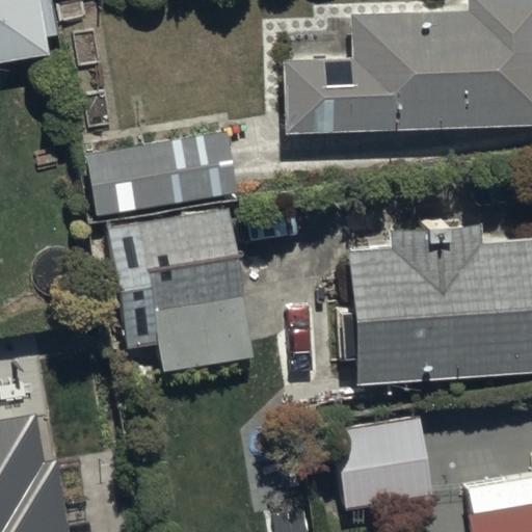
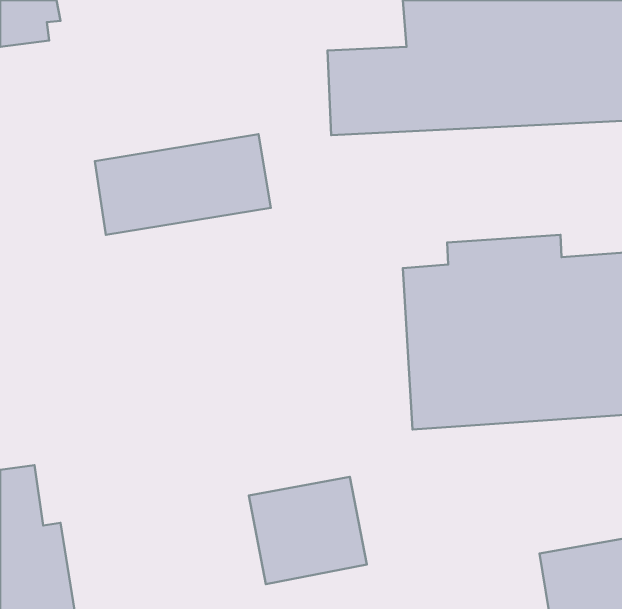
building: [111,209,255,380] -> none
building: [332,418,432,508] -> [249,477,367,584]

